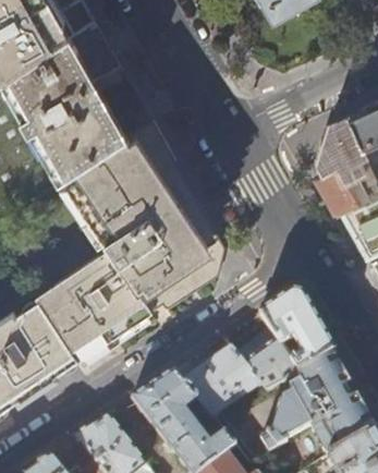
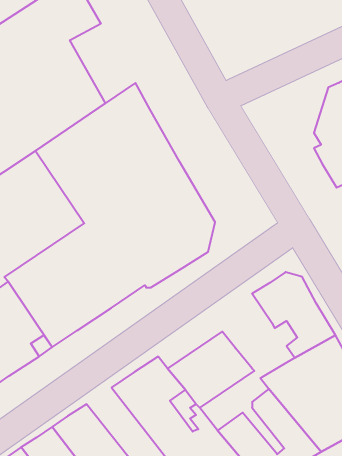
building: [244,342,298,384] -> none

